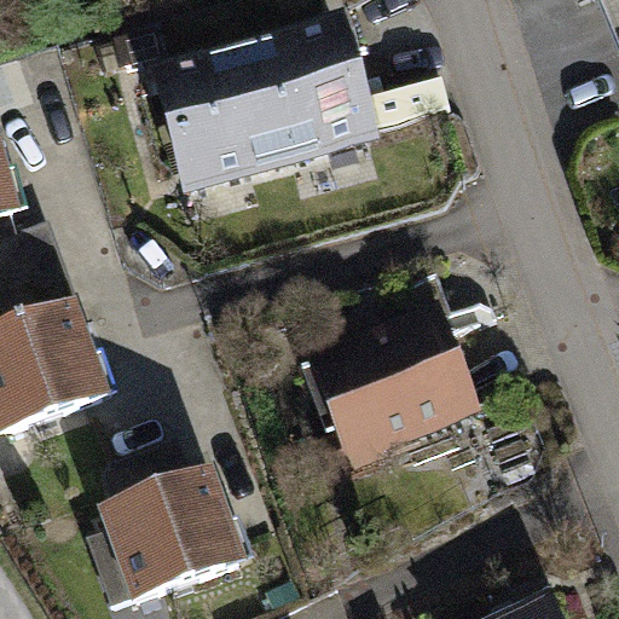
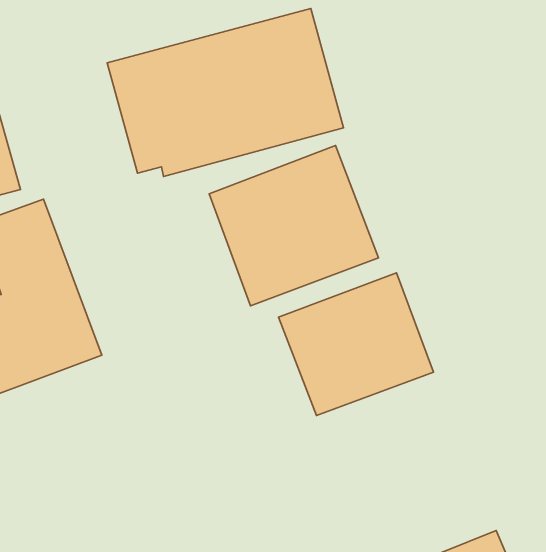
building: none -> [209,146,379,306]
building: [86,441,249,609] -> none

